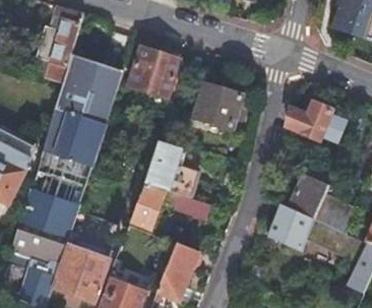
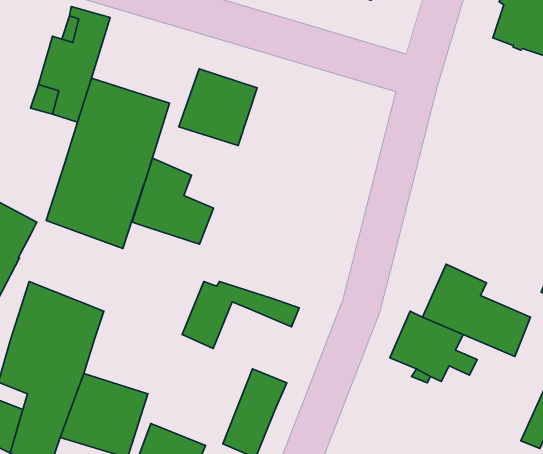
building: [195,83,244,128] -> none
building: [287,101,345,140] -> none
building: [146,140,199,196] -> [132,158,213,244]

